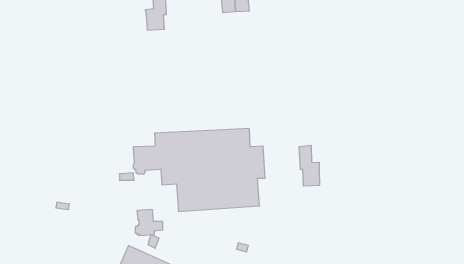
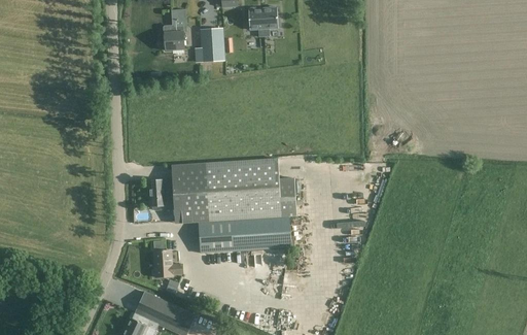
building: none -> [201,29,223,61]
building: [299,145,320,186] -> none

